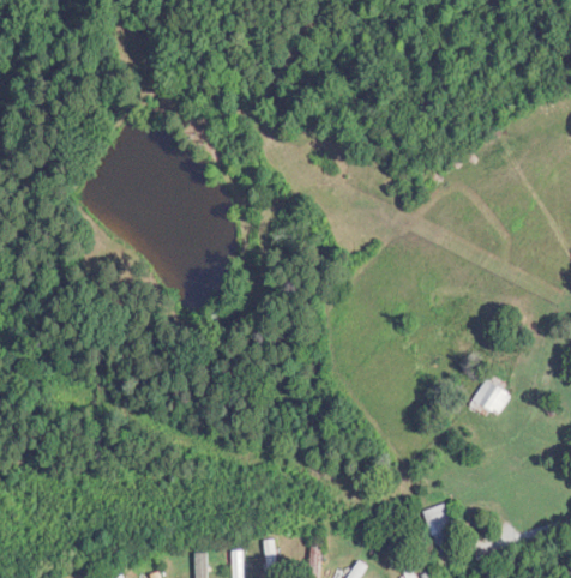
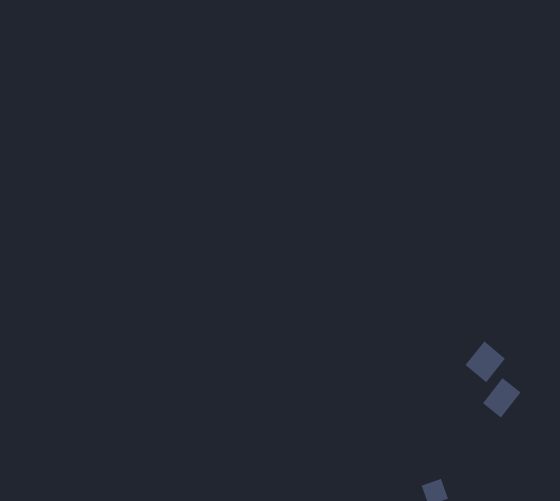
building: none -> [482,377,521,418]

